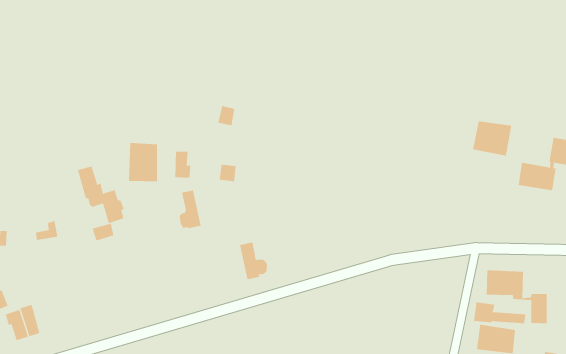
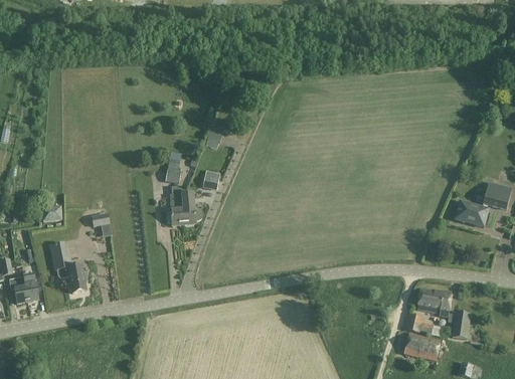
building: [472,120,512,157] -> none
building: [128,142,158,182] -> none
building: [77,166,124,224] -> [50,240,87,291]
building: [239,242,268,280] -> [180,191,202,222]

